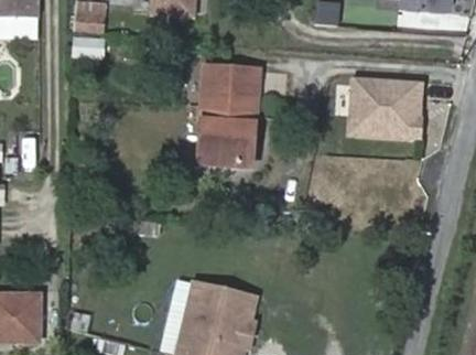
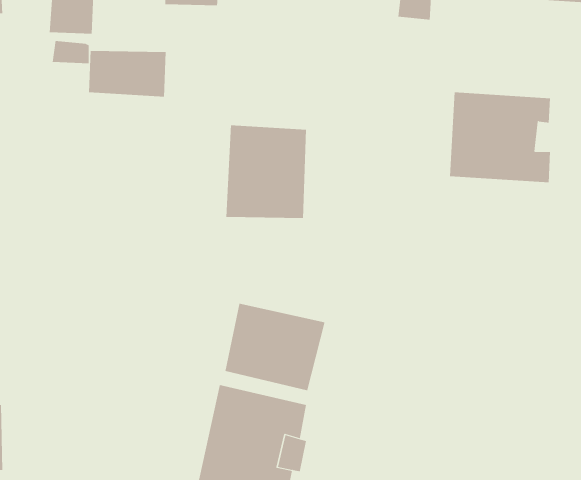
building: [202,67,257,100] -> [88,50,167,97]
building: none -> [225,303,325,391]

